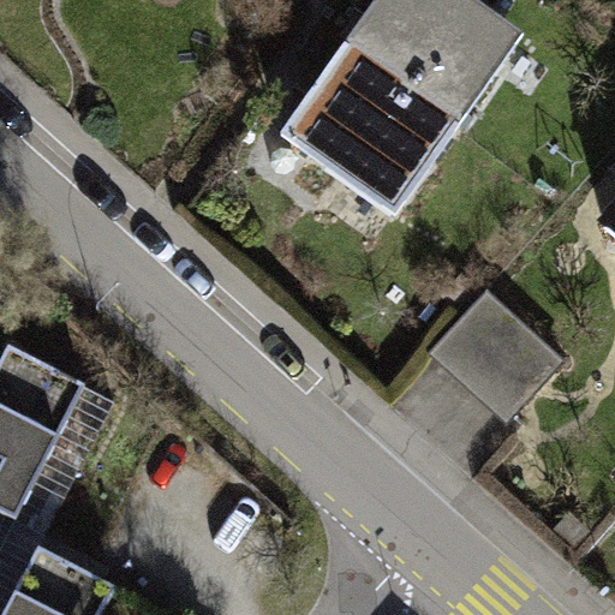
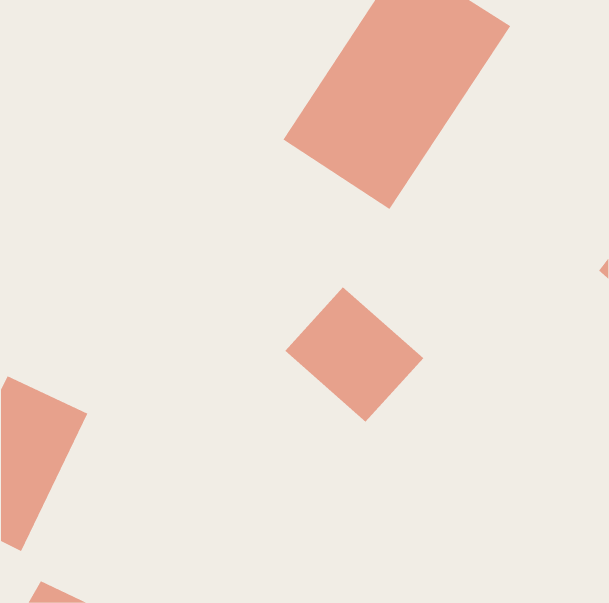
building: [428,286,568,423] -> [285,287,424,422]

